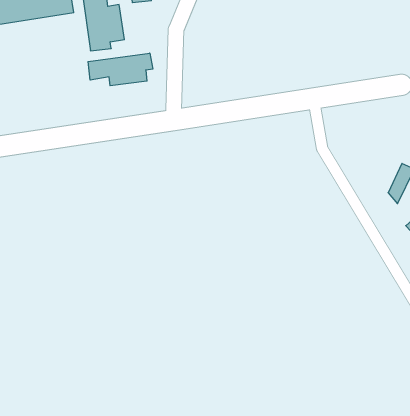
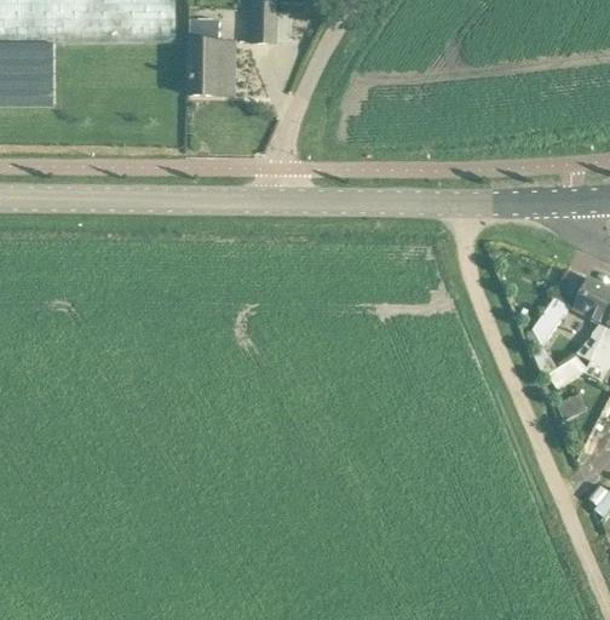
building: [88,53,153,86] -> none

